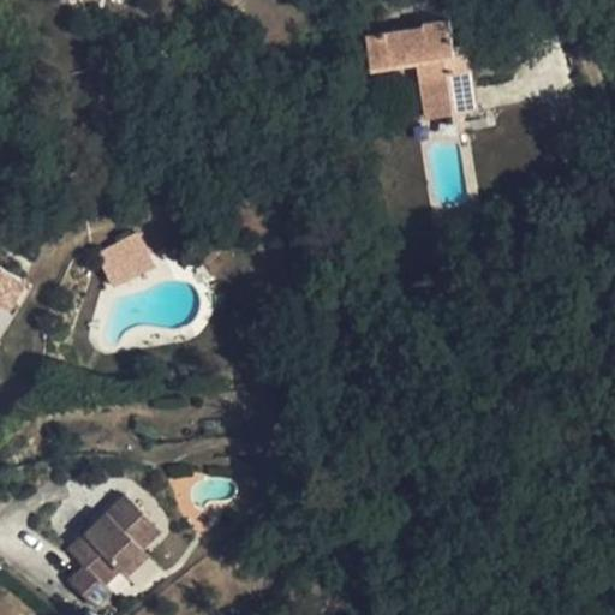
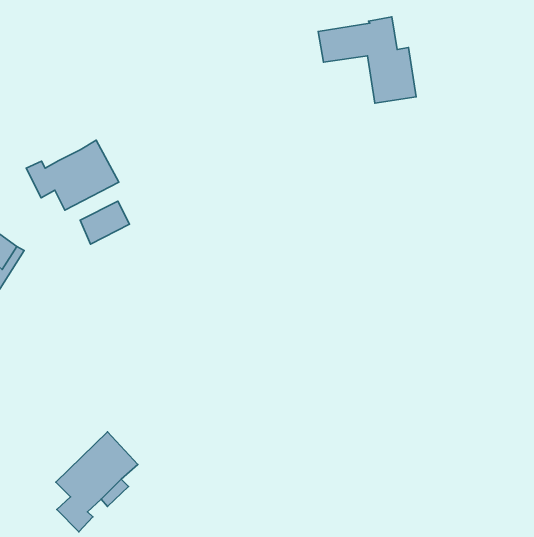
building: none -> [26,140,119,210]

